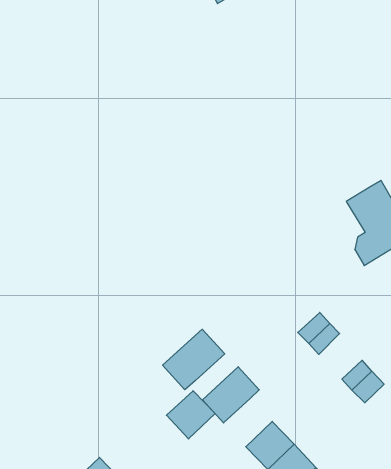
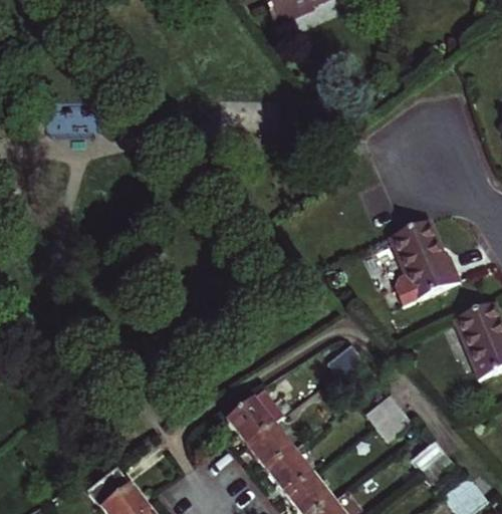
building: [163,329,225,390] -> none
building: [166,391,215,439] -> [246,426,295,474]

